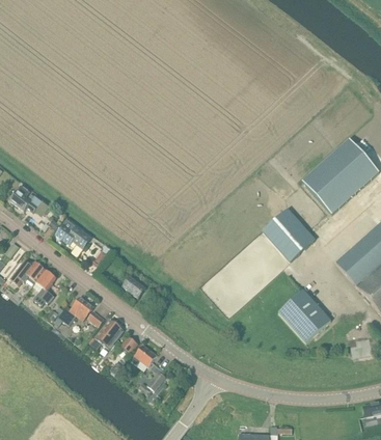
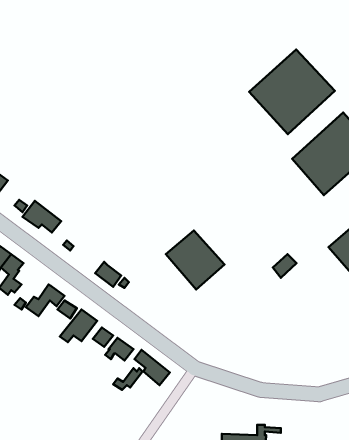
building: none -> [249,50,335,134]
building: [262,208,316,262] -> [166,231,225,289]
building: [277,288,331,342] -> none
building: none -> [134,350,170,385]

